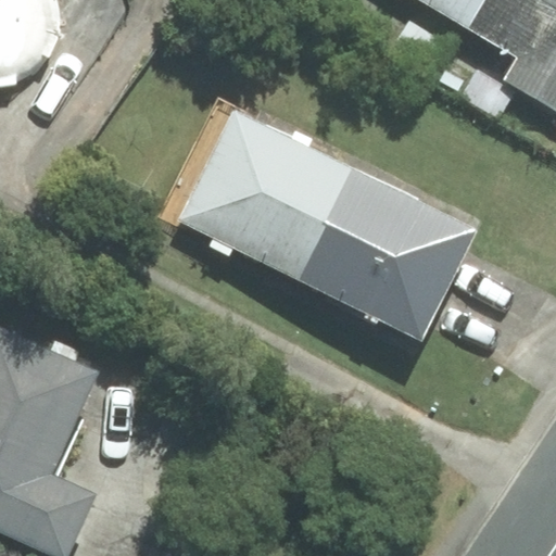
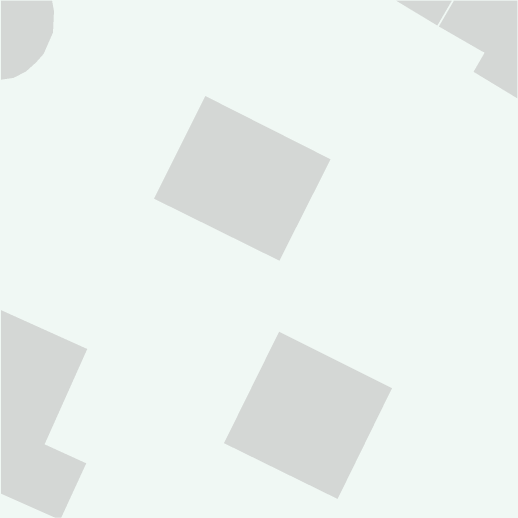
building: [300,170,475,340] -> none
building: none -> [223,331,393,500]

